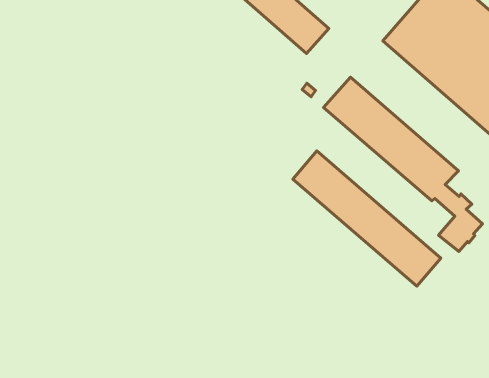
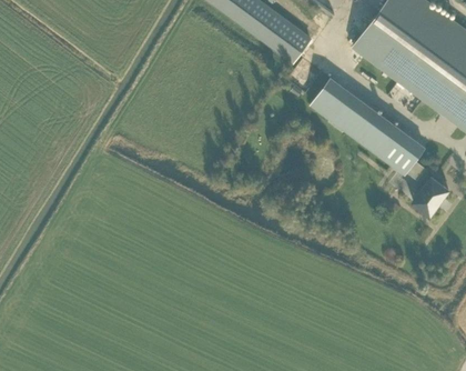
building: [293,151,441,286] -> none

